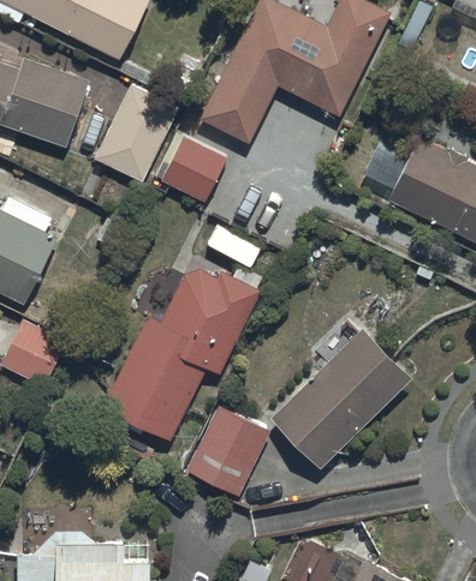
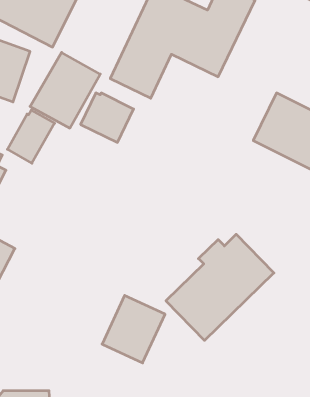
building: none -> [7,110,55,163]
building: [103,271,260,438] -> none

